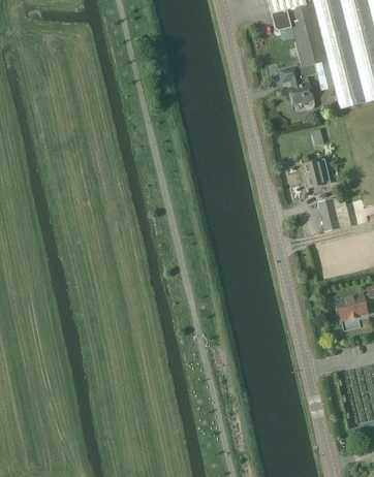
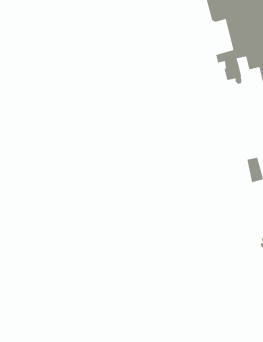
building: [303,158,331,187] -> none

